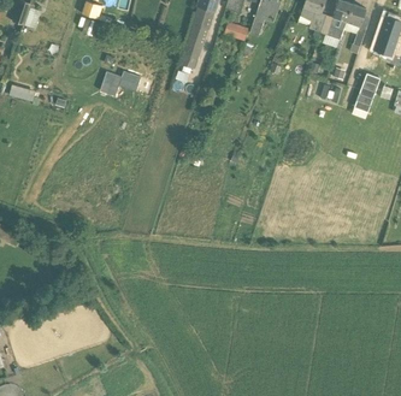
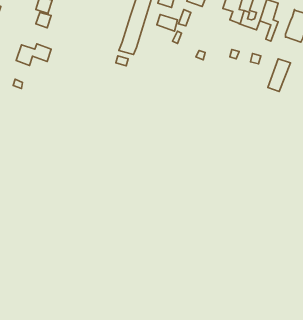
building: [100,70,141,95] -> [16,44,51,66]

